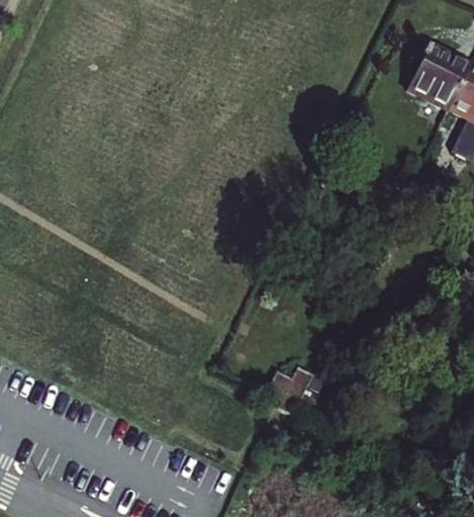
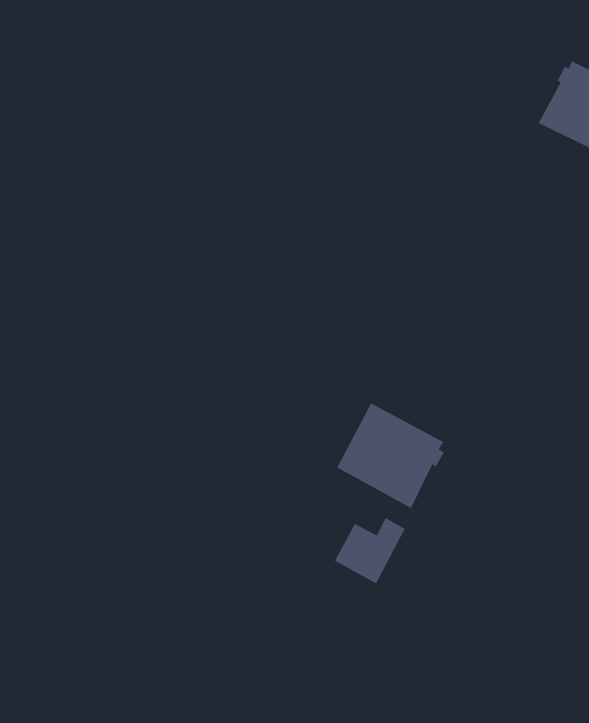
building: none -> [336,402,444,509]

